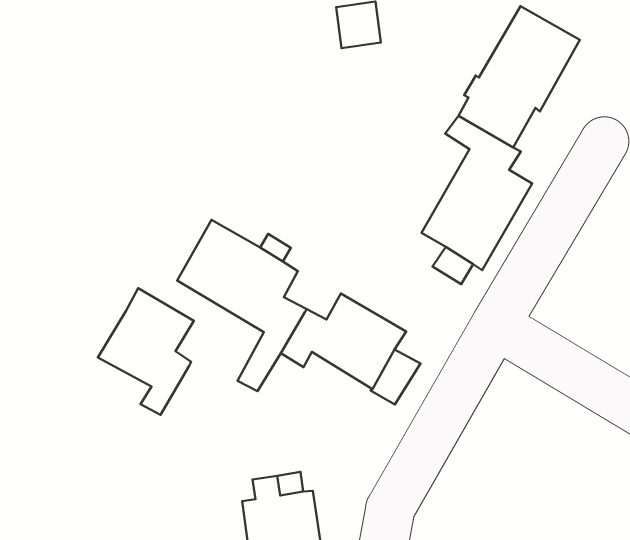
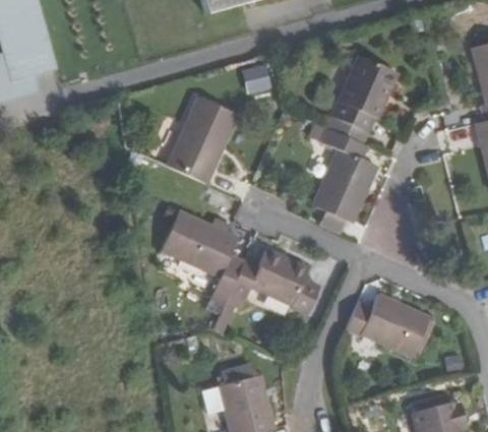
building: none -> [165,97,237,183]
building: [98,288,194,415] -> none
building: none -> [345,295,428,357]

